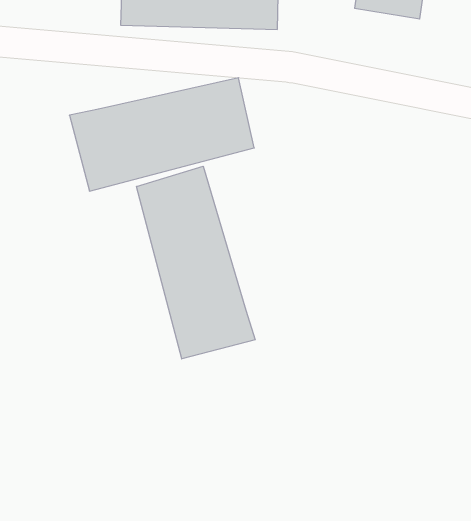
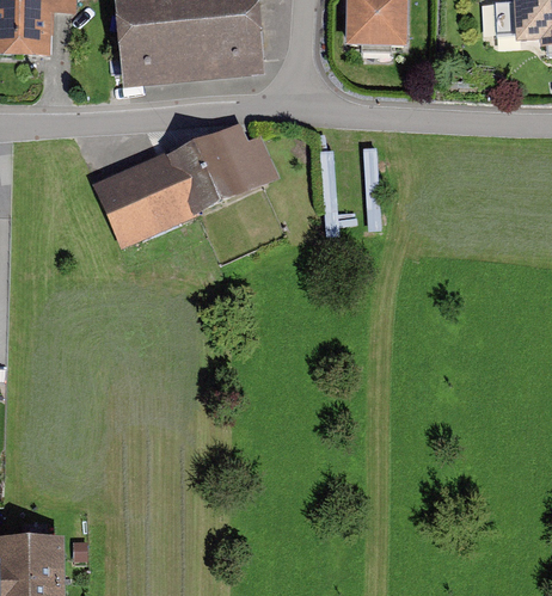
building: [137,166,255,359] -> none

